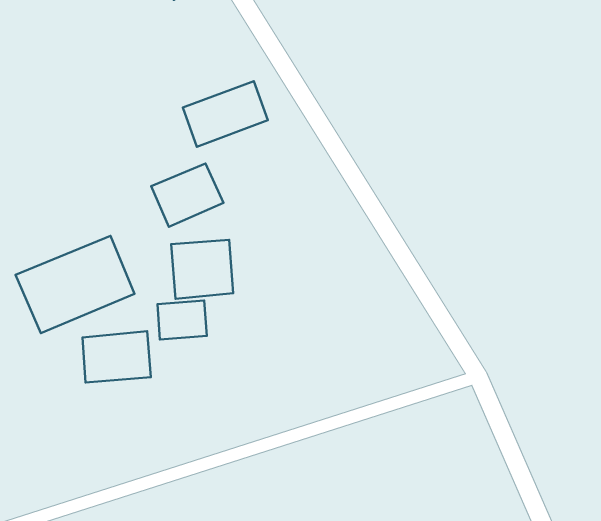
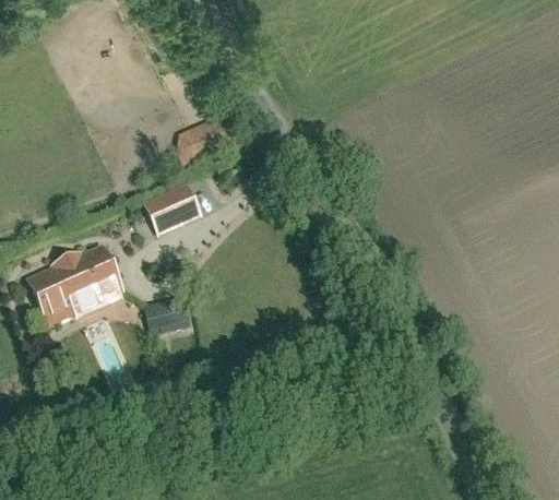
building: [171,240,233,299] -> none
building: [82,331,151,382] -> none

